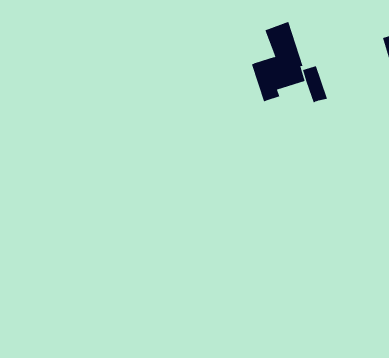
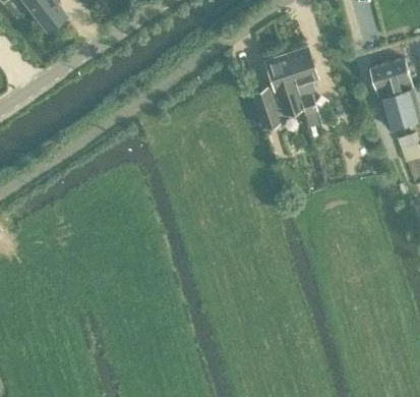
building: none -> [287,49,317,97]

